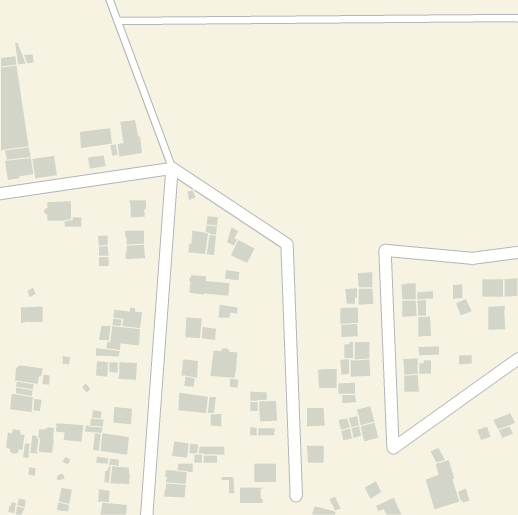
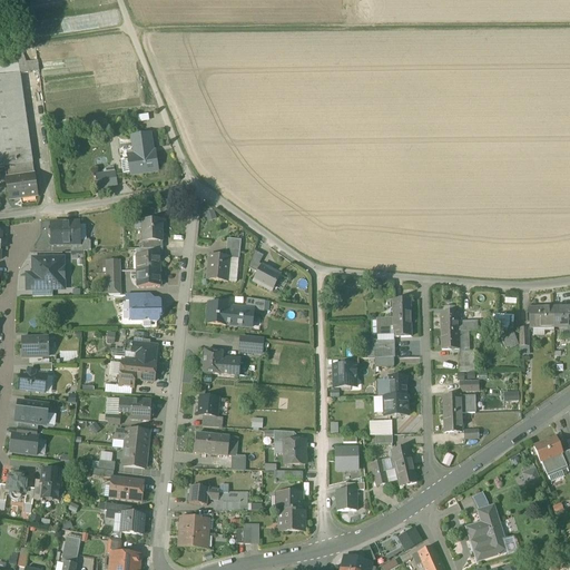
building: [80,128,113,149] -> none
building: [32,155,58,179] -> none
building: none -> [27,256,62,287]
building: none -> [129,298,163,320]
building: [488,305,506,331] -> none
building: none -> [20,368,47,391]
building: [210,347,238,379] -> none
building: [317,368,338,389] -> [333,363,355,385]
building: none -> [533,435,562,461]
building: [55,423,84,442] -> [116,428,148,449]
building: [239,487,264,503] -> [276,491,303,509]

